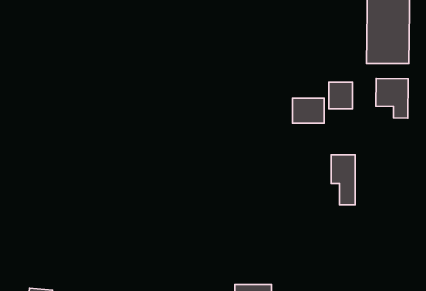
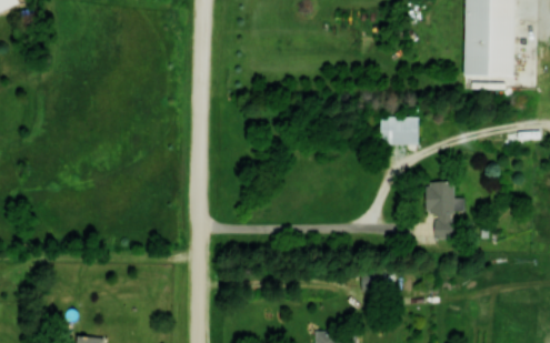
building: [376,79,408,118] -> none
building: [329,82,352,109] -> none

